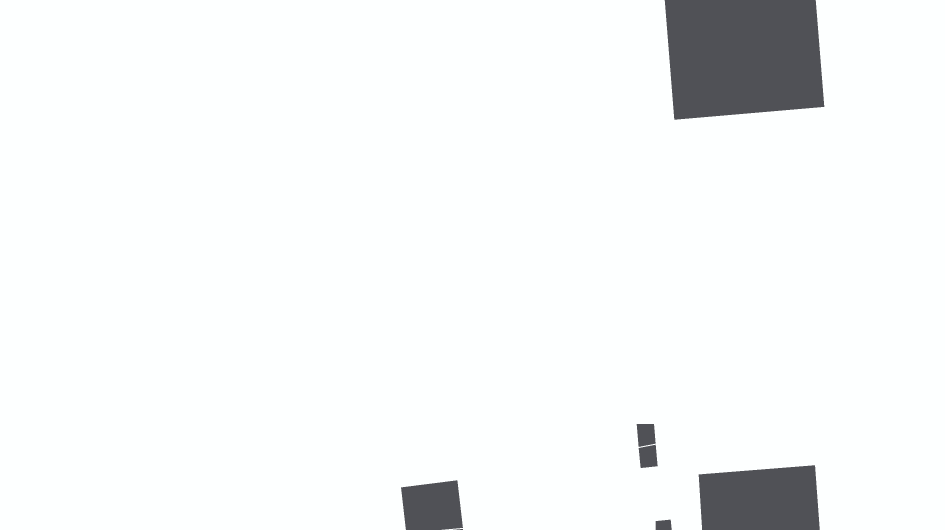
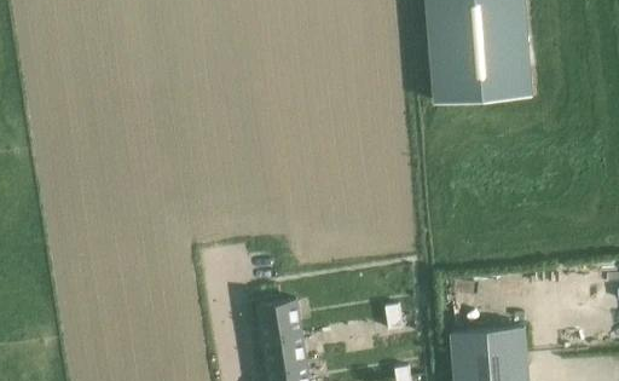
building: none -> [255,306,296,342]

